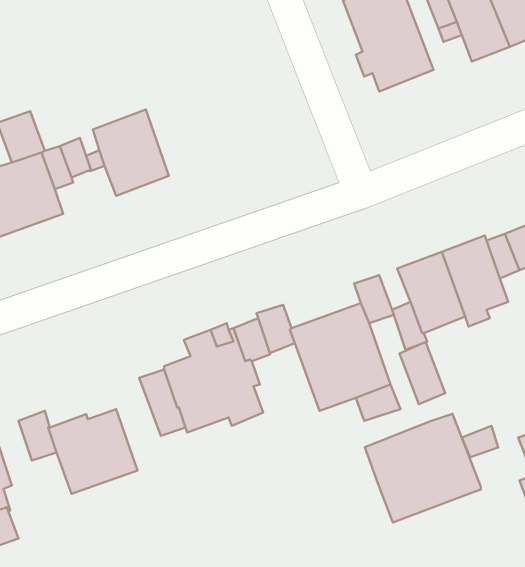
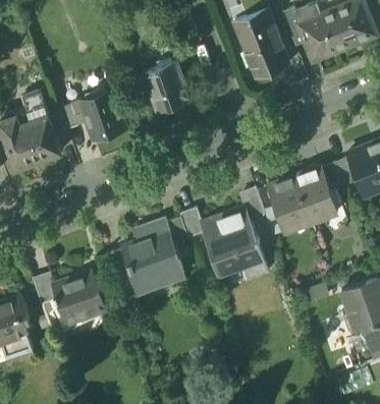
building: none -> [143,62,191,114]
building: [400,342,445,404] -> none
building: [365,414,481,523] -> none

